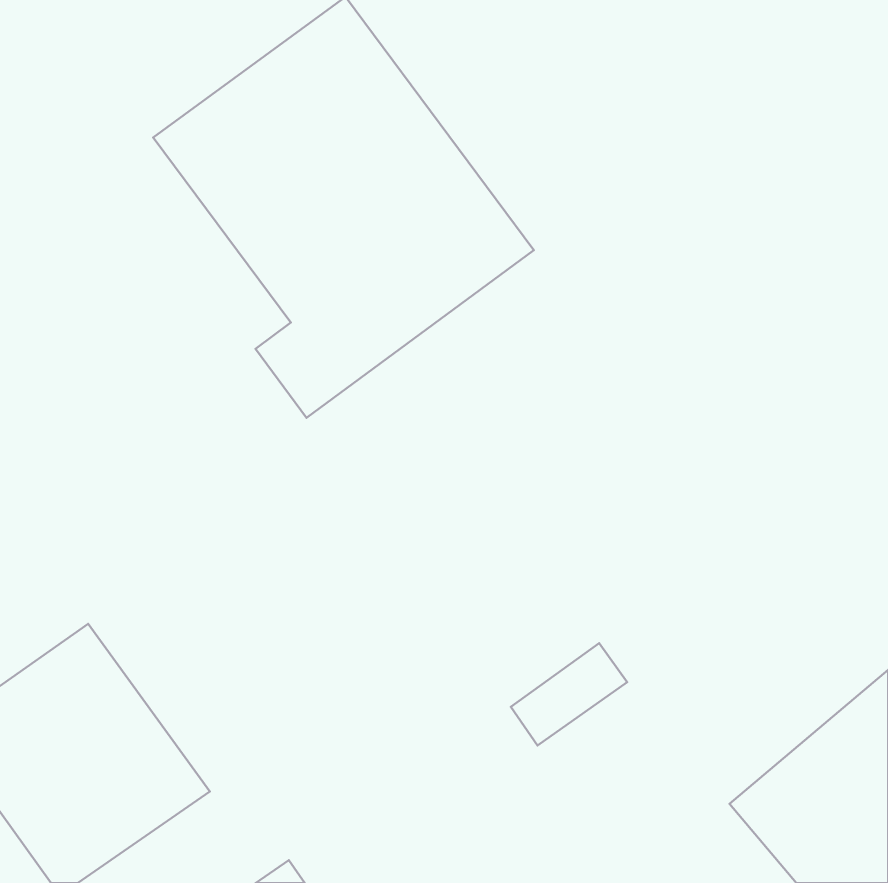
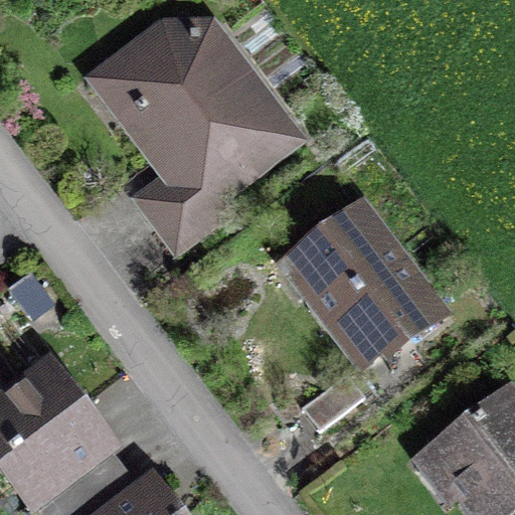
building: none -> [275,194,451,378]

